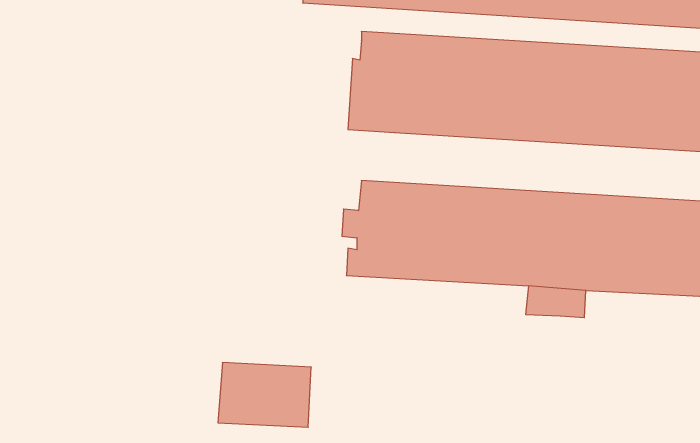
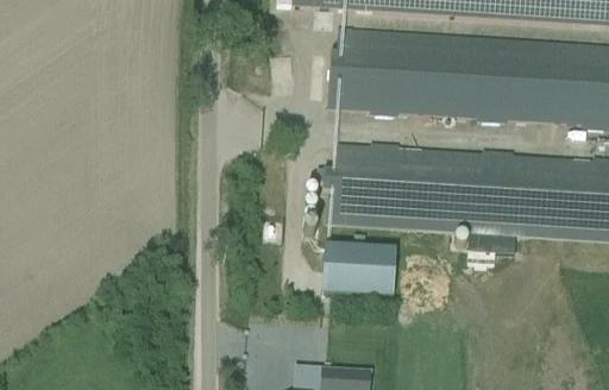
building: [218,363,311,427] -> [324,244,397,295]

